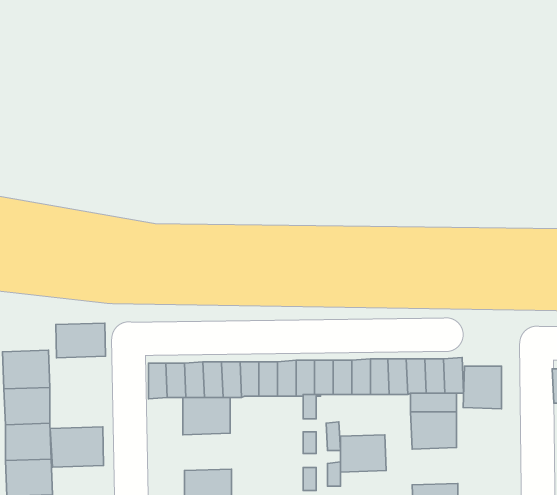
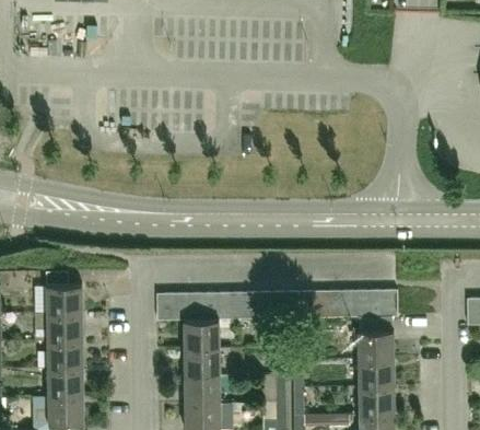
building: [56,323,106,358] -> none
building: [463,366,501,409] -> none
building: [50,427,104,467] -> none
building: none -> [184,348,221,376]
building: [340,435,386,472] -> [359,359,394,387]

